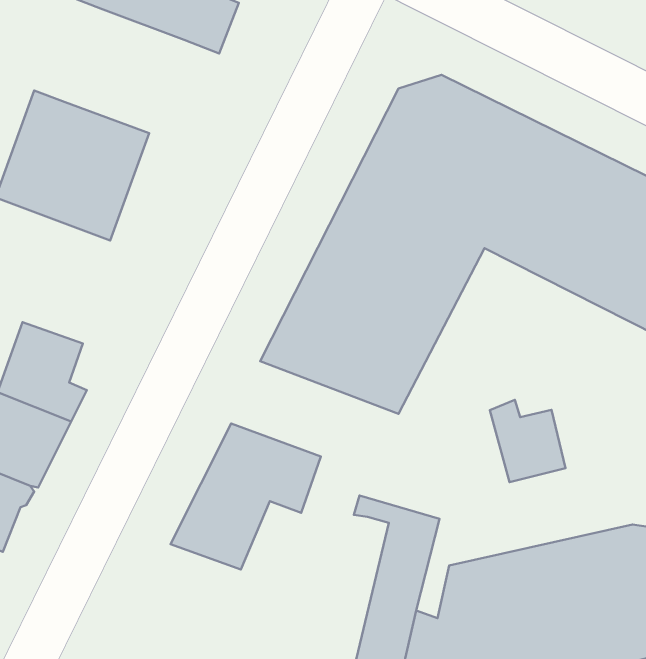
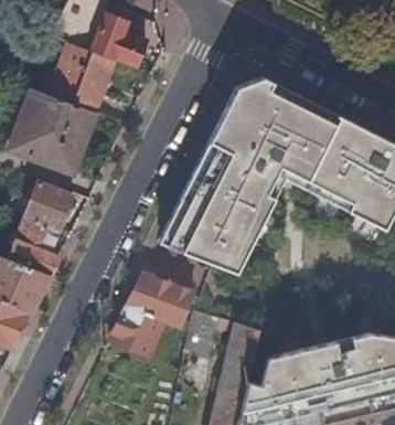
building: none -> [49,42,116,113]
building: none -> [24,180,74,232]
building: [490,400,566,482] -> none
building: none -> [184,311,220,360]

